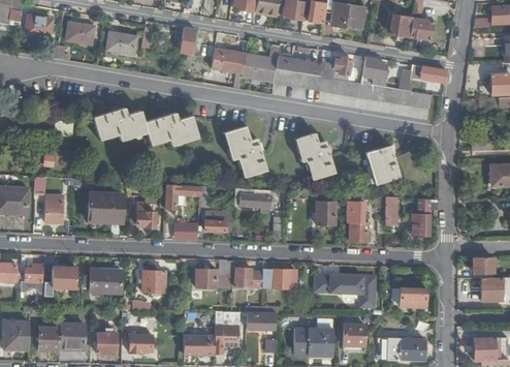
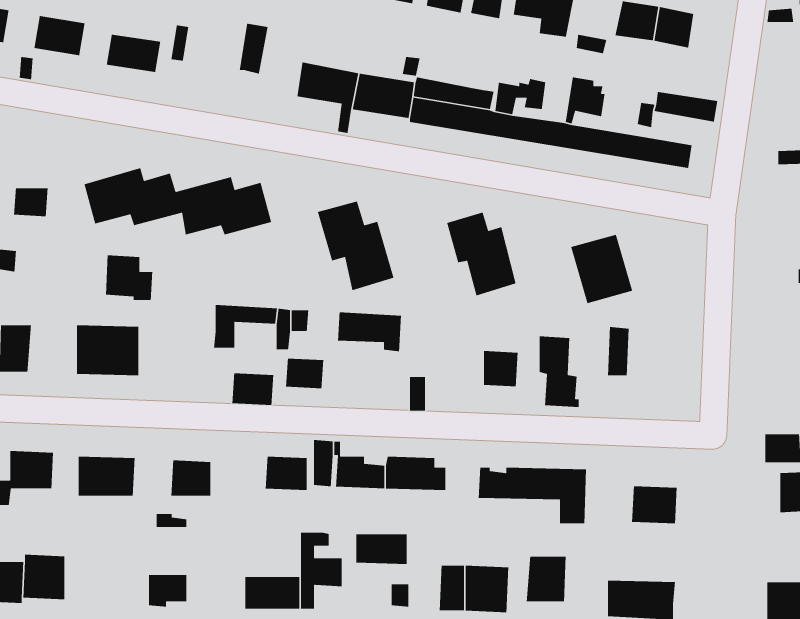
building: [411,198,437,236] -> none
building: [130,202,157,227] -> [105,255,153,301]
building: [95,329,116,354] -> none

